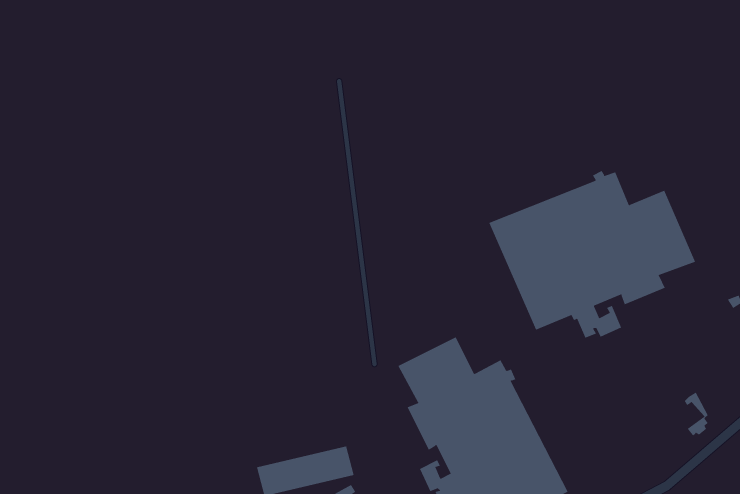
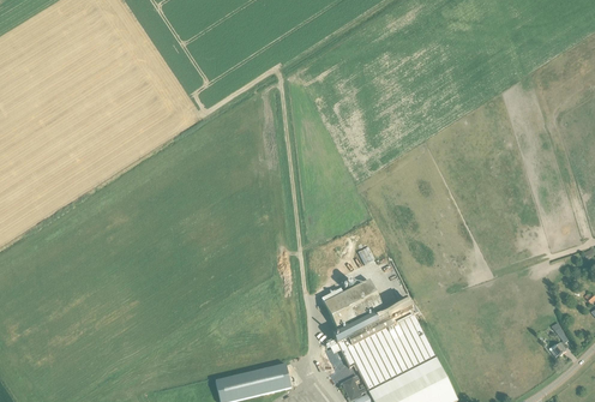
building: [488,170,696,339] -> none

